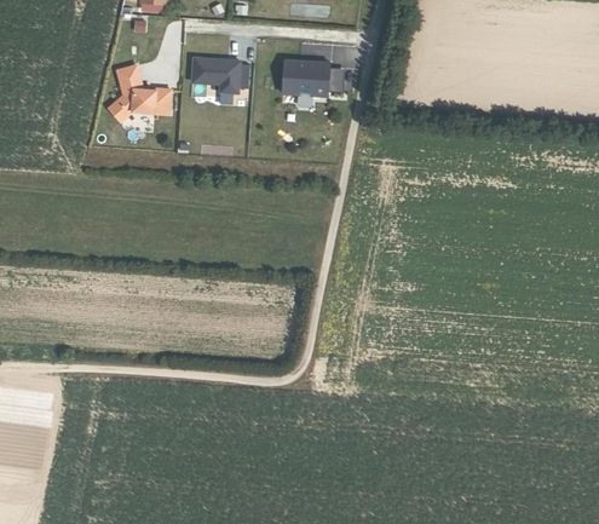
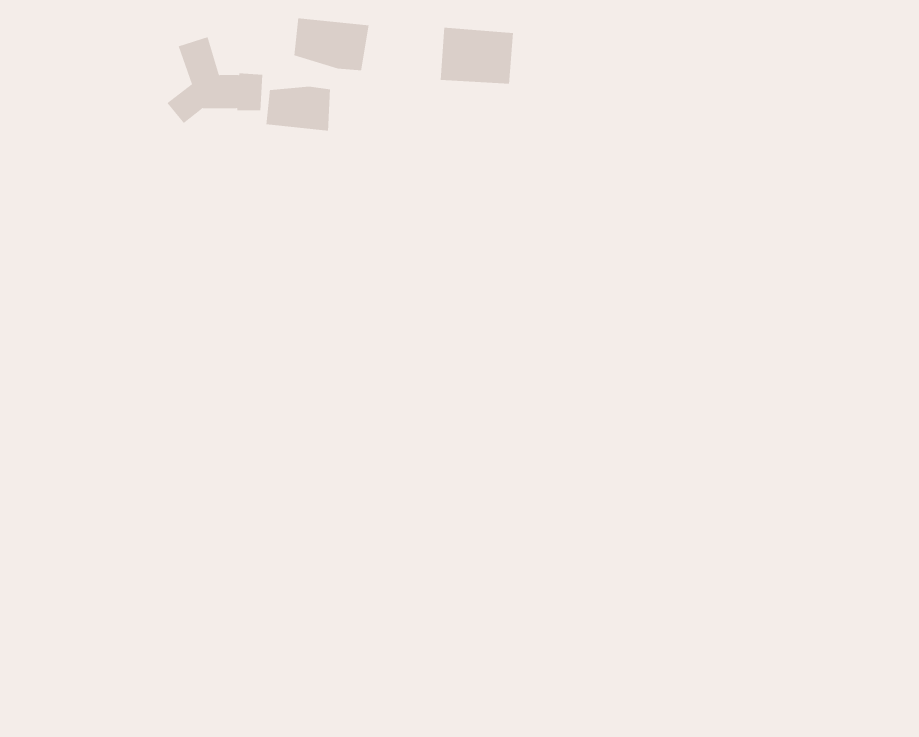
building: none -> [266,86,331,131]

